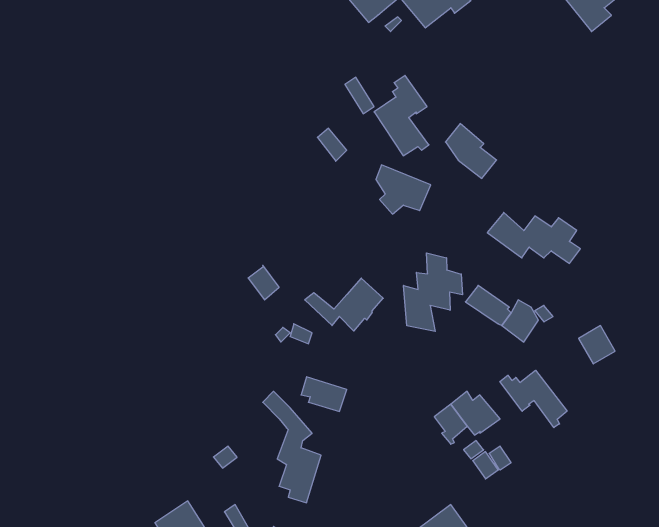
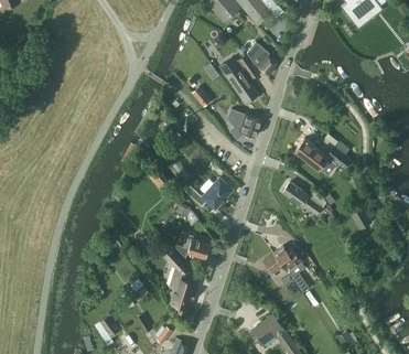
building: [445,124,497,178] -> [247,42,278,75]
building: [404,253,462,331] -> none
building: [500,370,567,428] -> none

